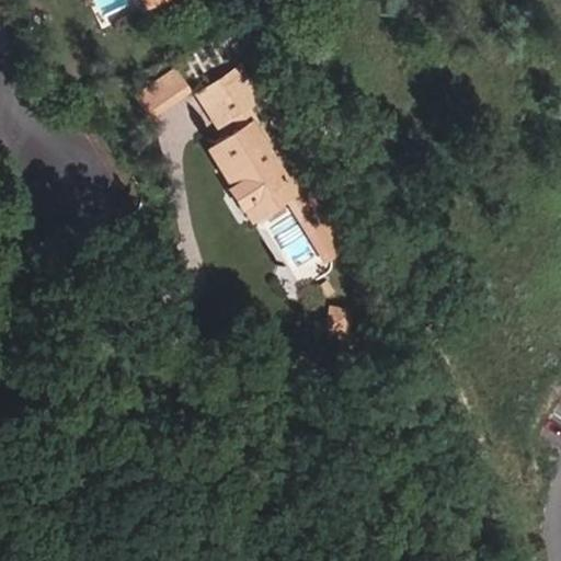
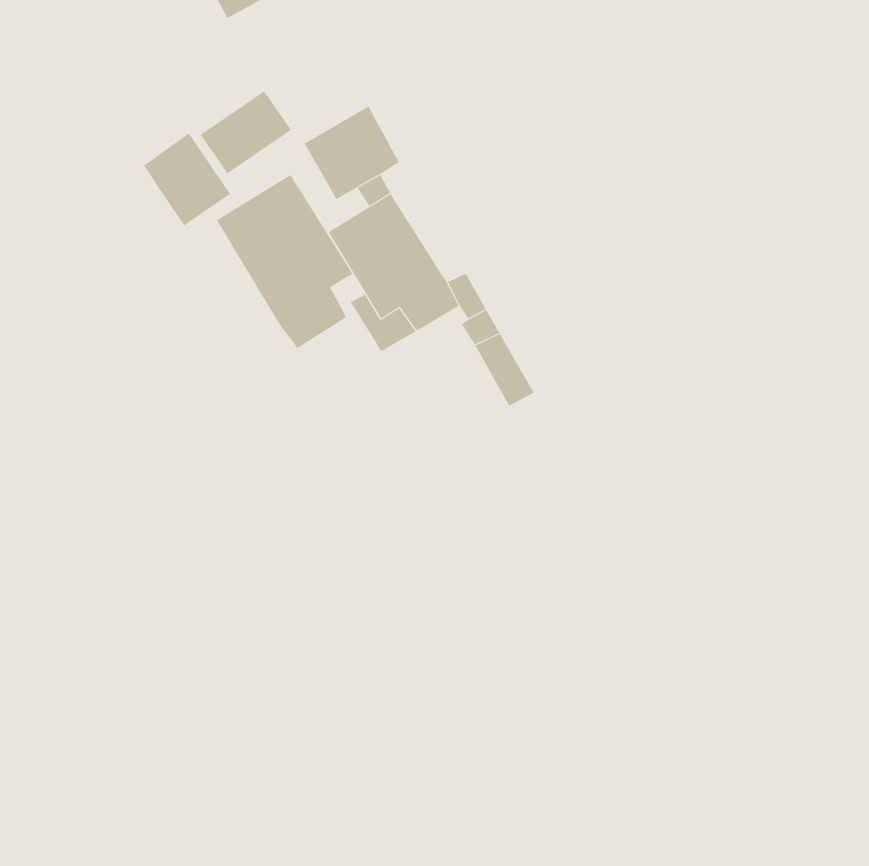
building: none -> [144,132,231,226]
building: none -> [216,174,353,349]

